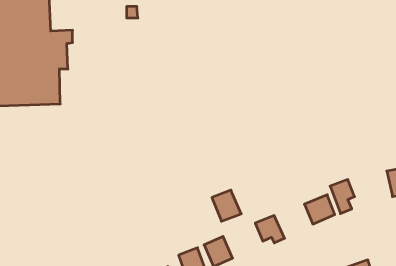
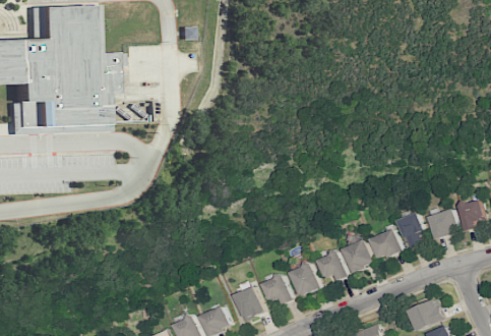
building: none -> [428,210,457,238]
building: [212,190,241,221] -> [289,263,320,296]
building: none -> [343,240,372,271]

